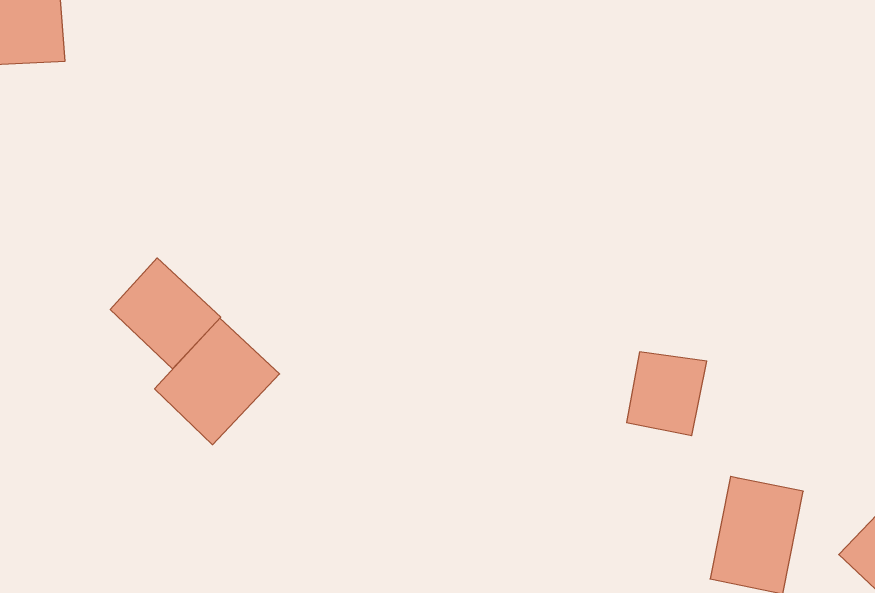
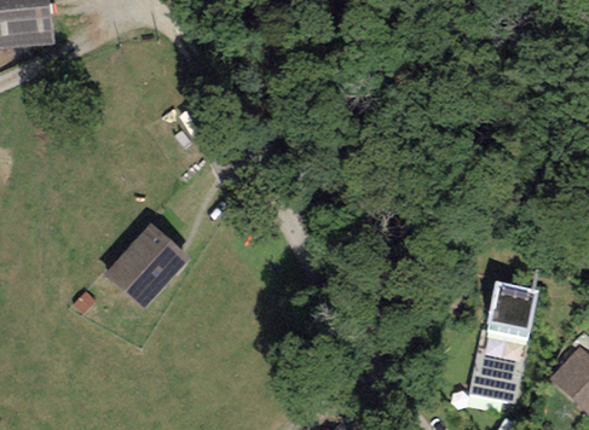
building: [110,258,221,369] -> none
building: [627,352,707,436] -> [485,283,537,337]

